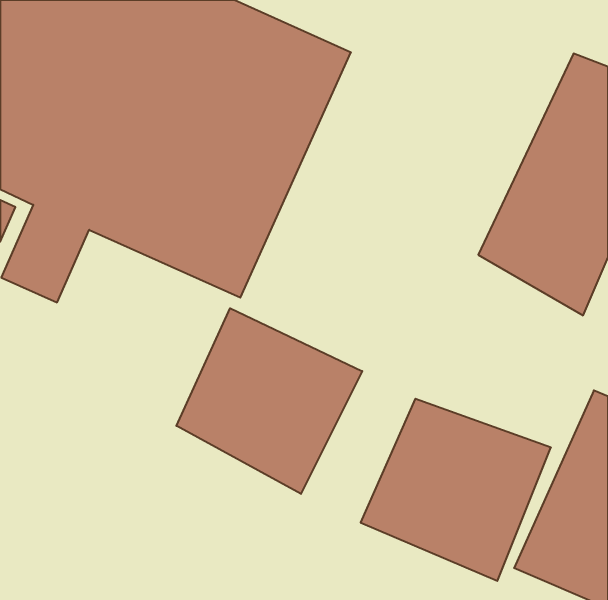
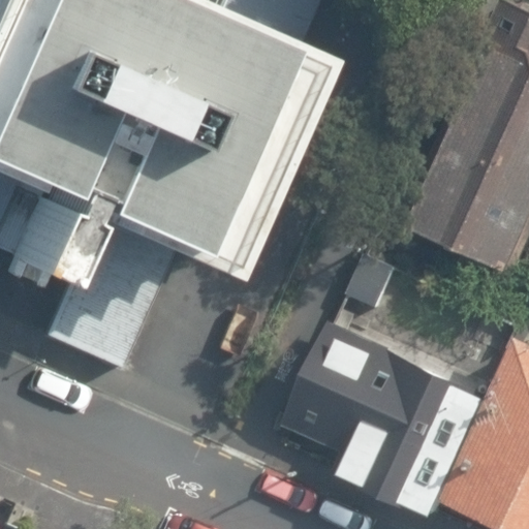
building: none -> [40,229,173,376]
building: [176,308,362,494] -> none

